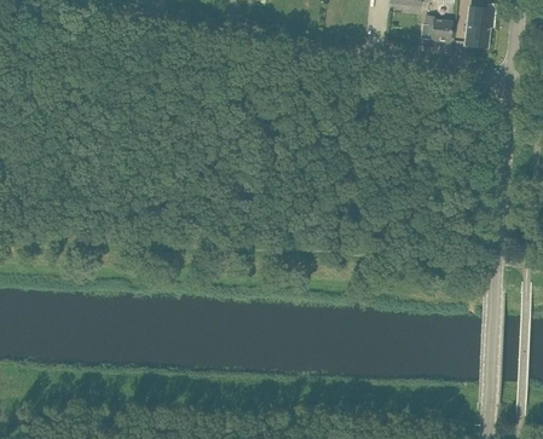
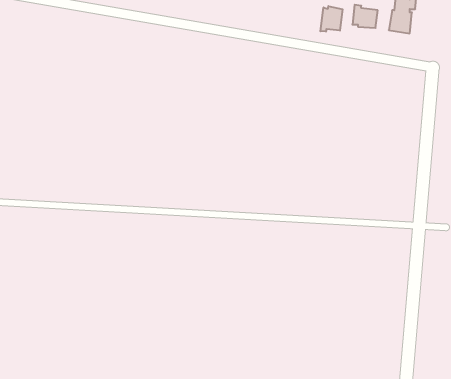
building: none -> [320,6,343,32]

